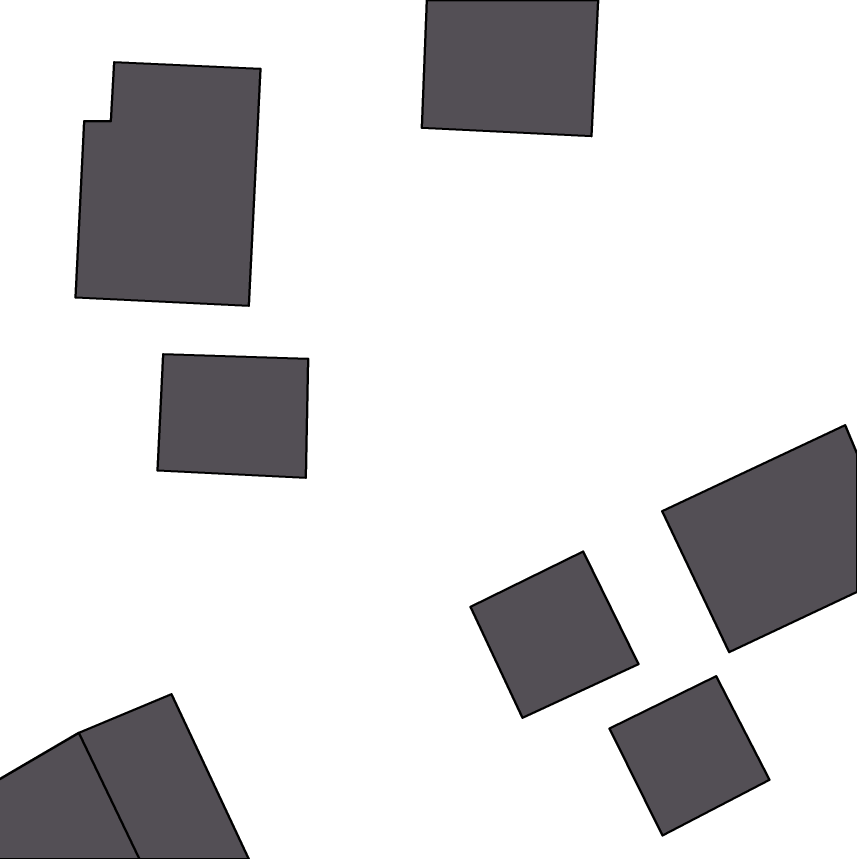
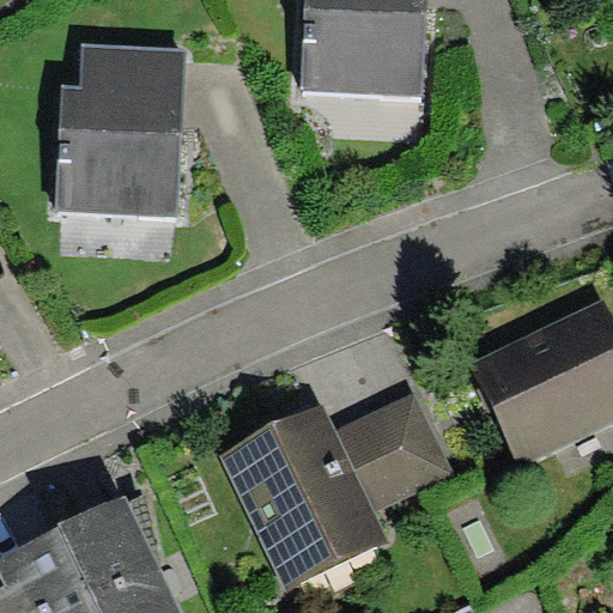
building: [158,354,308,478] -> none
building: none -> [220,407,388,593]
building: [610,676,769,836] -> none

